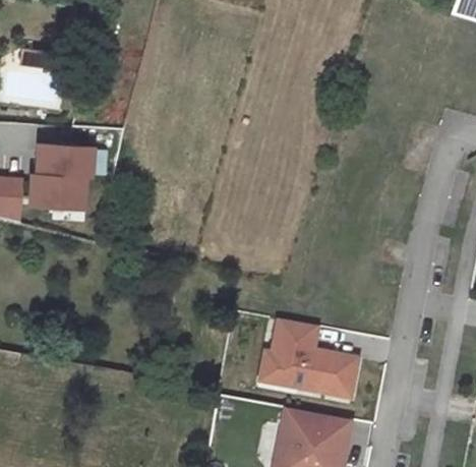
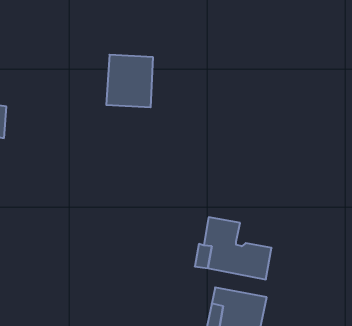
building: [35,141,94,208] -> [106,55,153,107]

